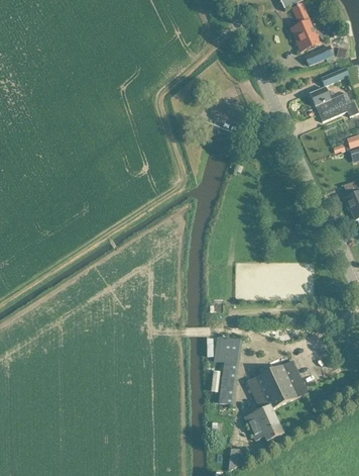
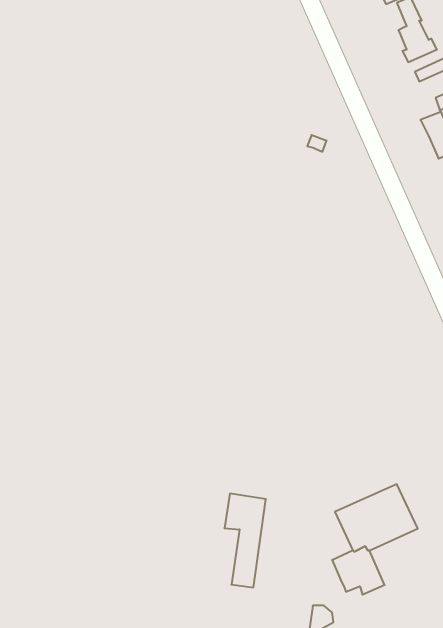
building: [213,335,243,403] -> [224,494,266,587]

